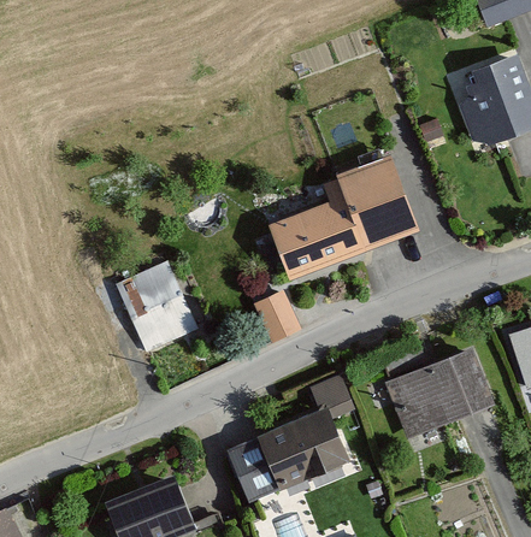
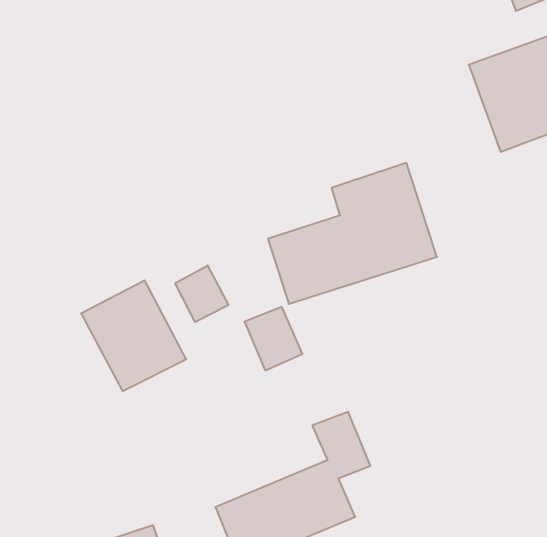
building: none -> [175,265,228,322]
building: [388,347,498,437] -> none

